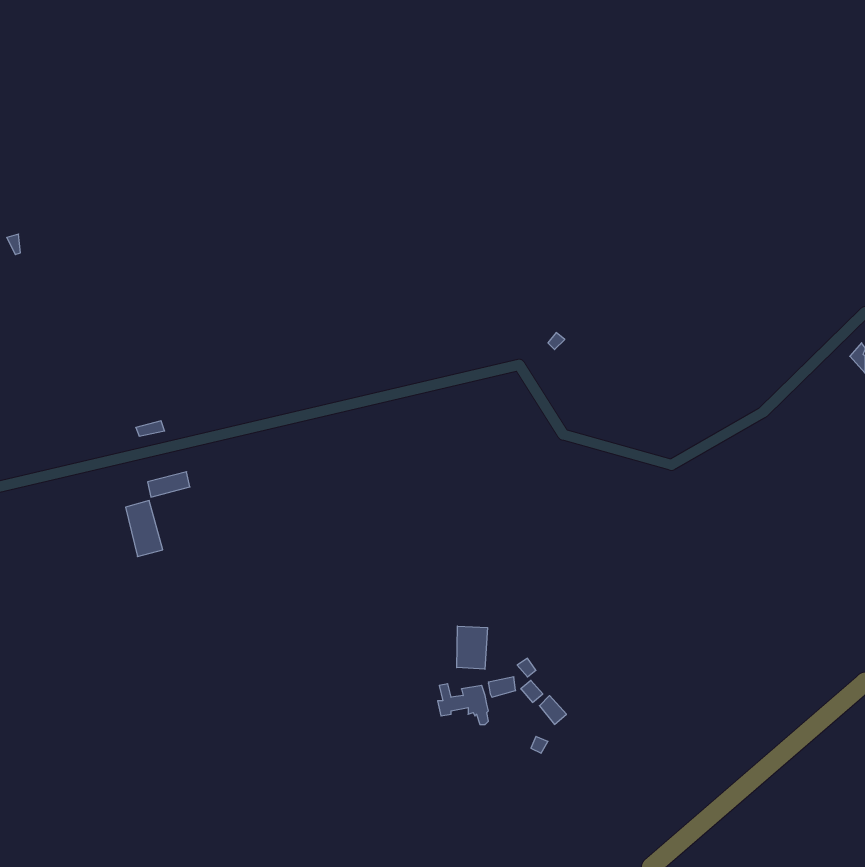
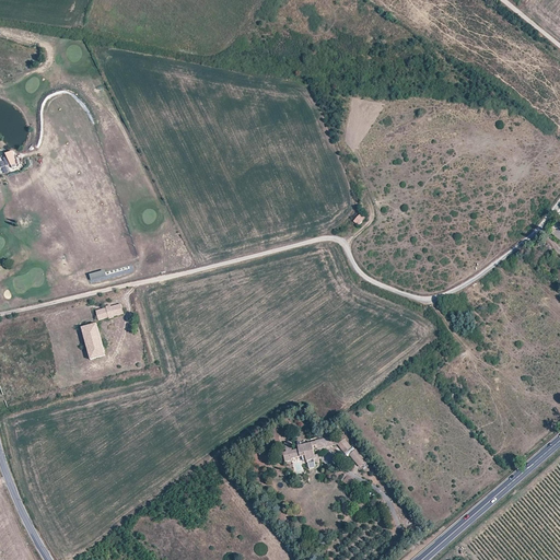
building: [457,626,488,669] -> none

